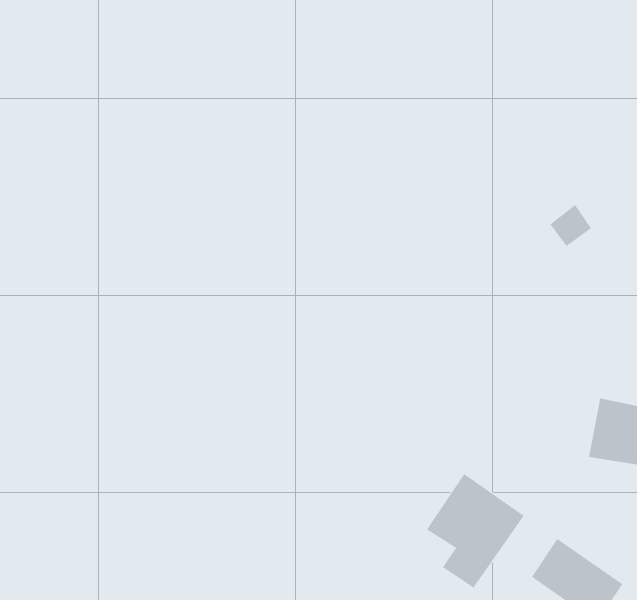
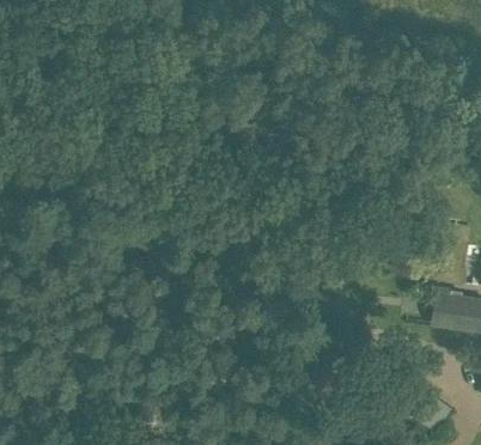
building: [426,473,524,589] -> none

